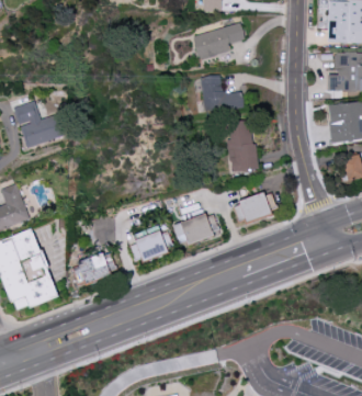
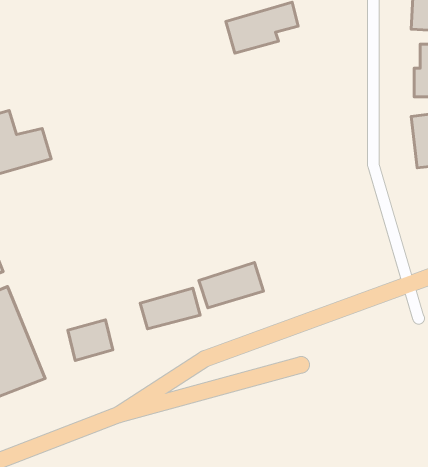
building: [201,76,244,112] -> none
building: [227,120,256,171] -> none
building: [233,194,274,224] -> none

